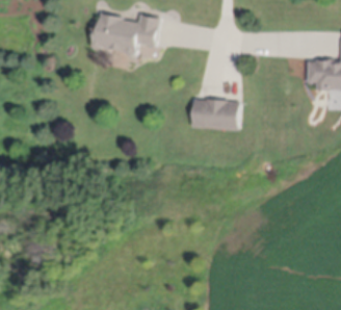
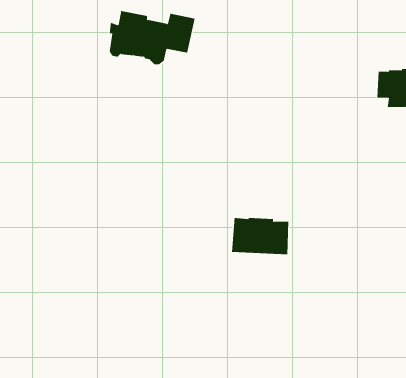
building: [191,100,238,130] -> [231,217,289,255]

